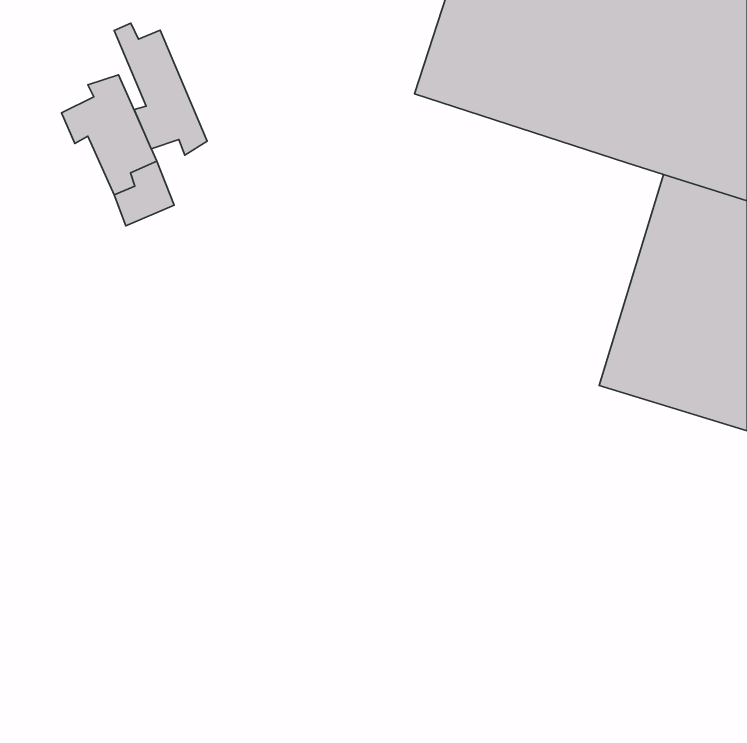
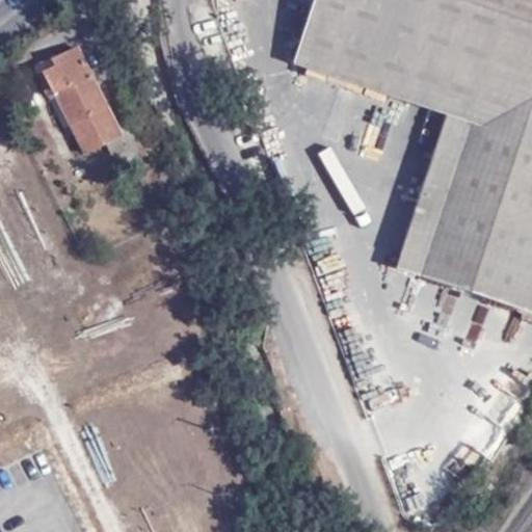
building: [114,23,207,155] -> none
building: none -> [399,115,471,273]

